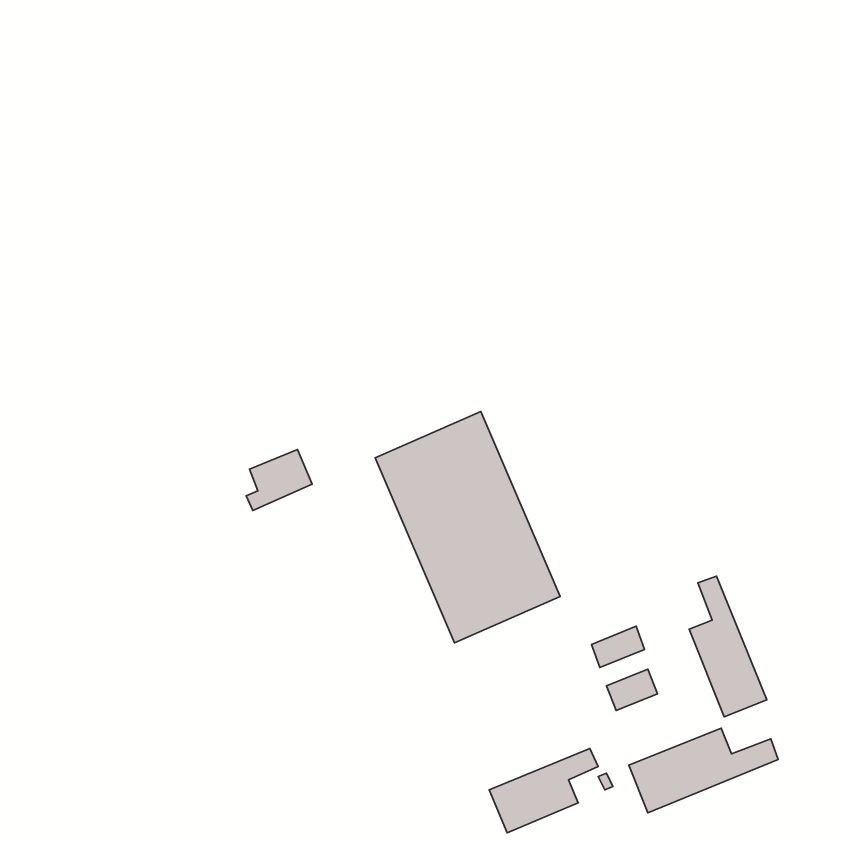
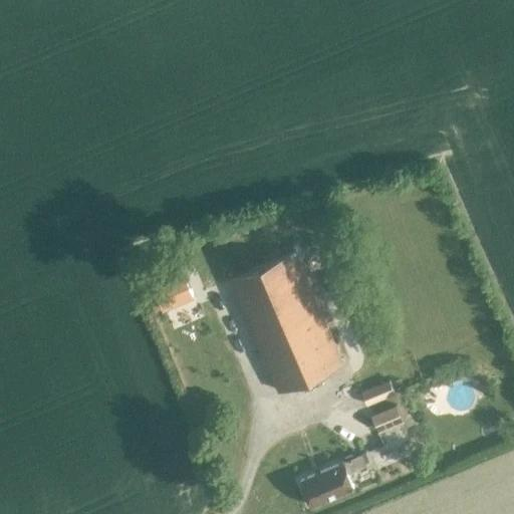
building: [689,576,767,717] -> none
building: [629,728,778,813] -> none

